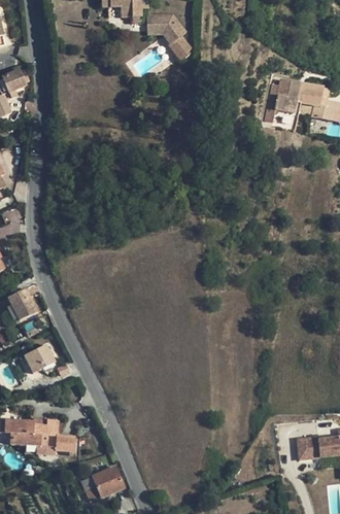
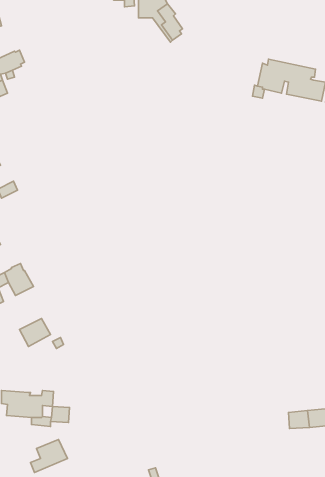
building: [87,467,125,501] -> [30,439,67,472]

